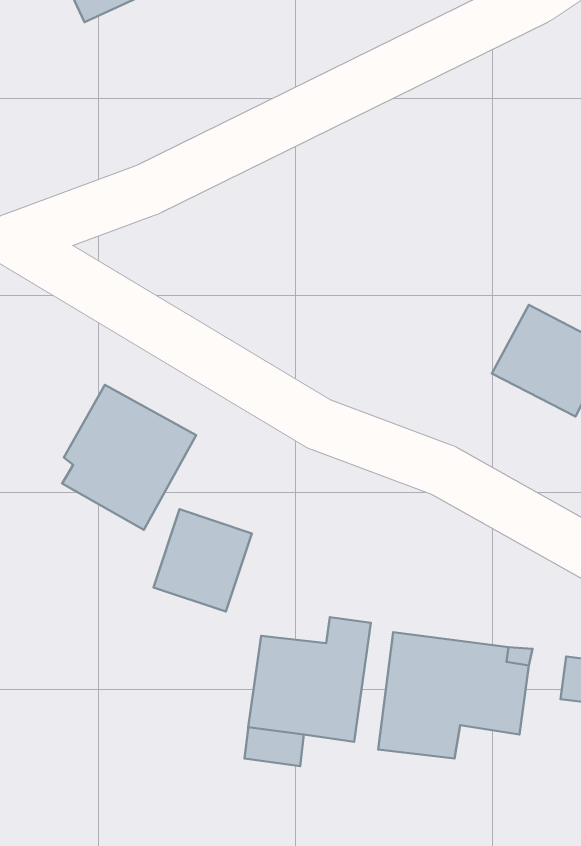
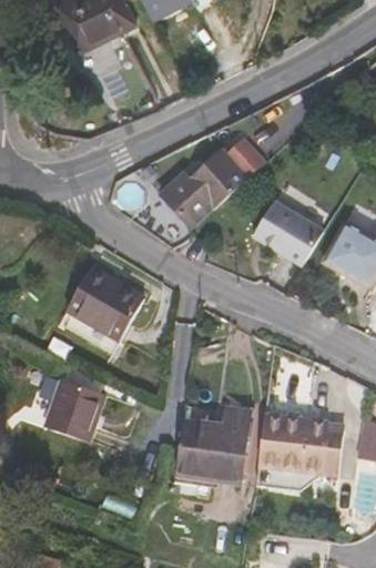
building: none -> [157,140,258,224]
building: none -> [250,203,319,266]
building: [153,509,252,612] -> [45,378,104,439]

